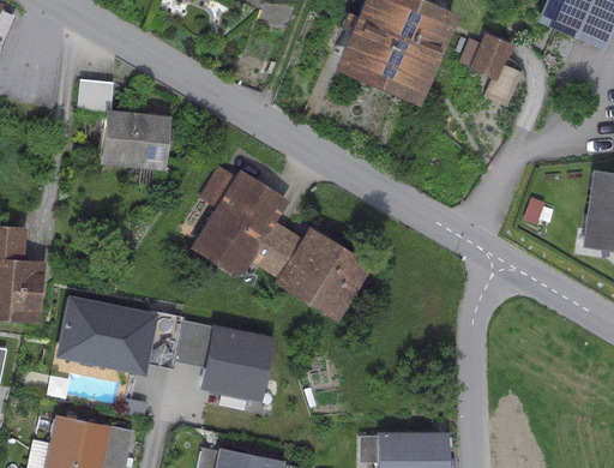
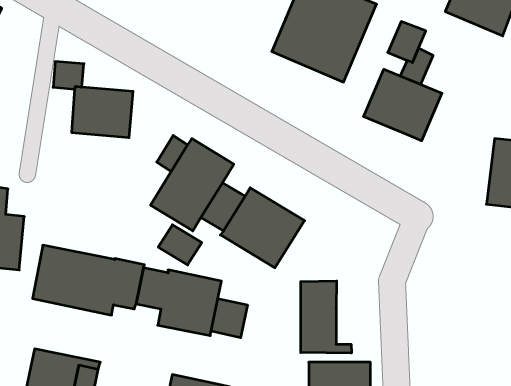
building: none -> [364,69,442,141]
building: none -> [158,225,202,265]
building: none -> [301,281,351,353]
building: none -> [211,298,247,338]

